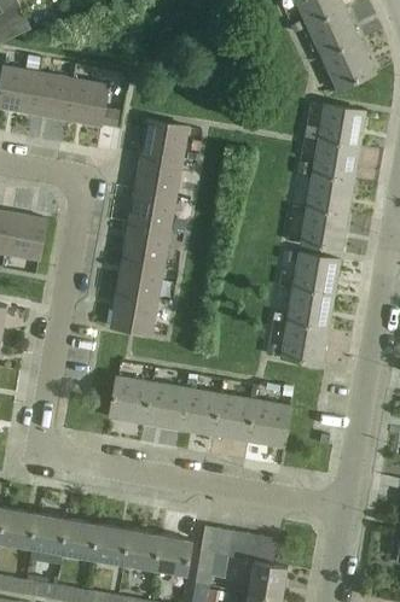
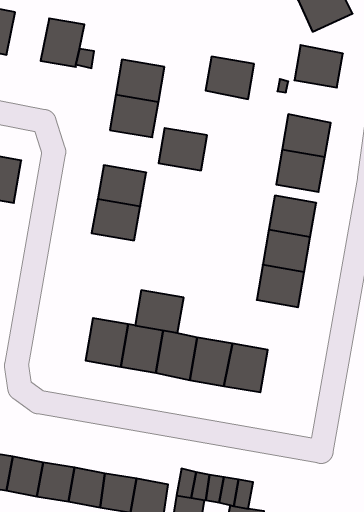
building: [31,71,74,119] -> none
building: [312,139,360,181] -> [206,57,254,99]
building: [128,188,176,230] -> [159,128,207,170]
building: [110,291,158,333] -> [135,290,184,333]

